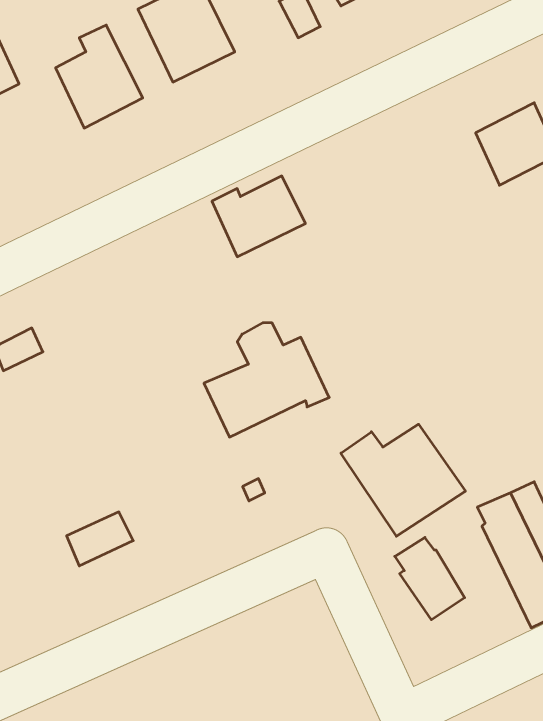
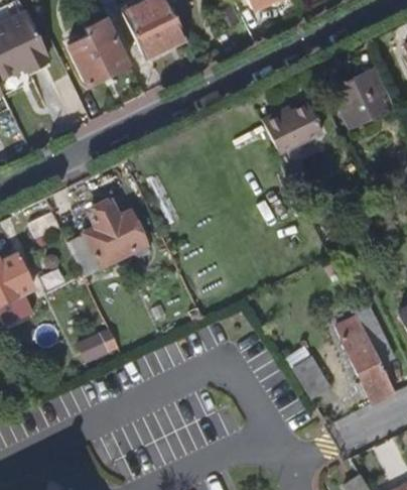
building: [212,176,305,257] -> [265,102,324,153]
building: [204,323,329,437] -> [69,203,148,275]
building: [341,424,465,536] -> none

